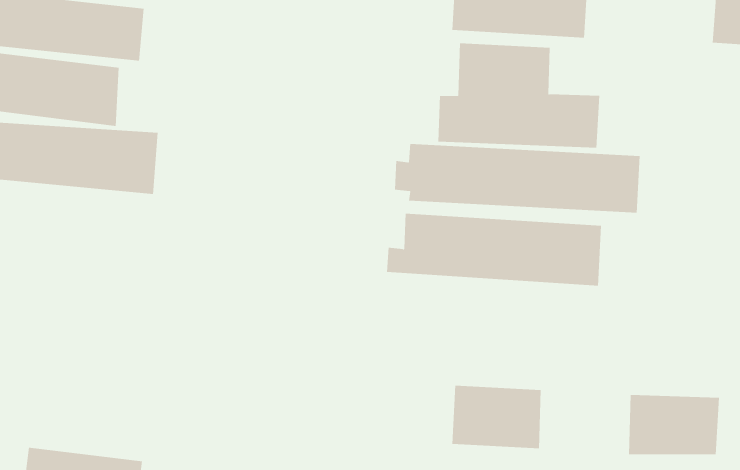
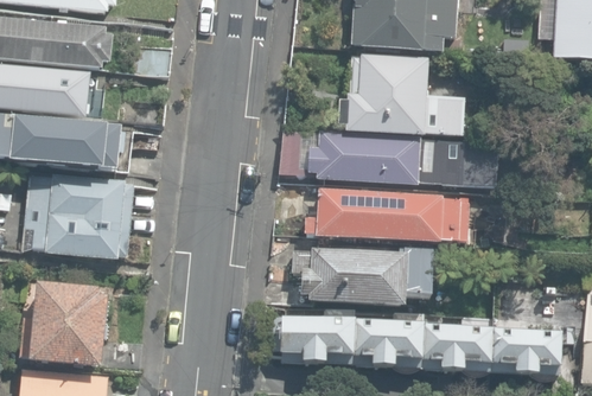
building: none -> [23,186,135,257]
building: none -> [288,242,427,311]
building: none -> [26,280,113,369]
building: none -> [268,313,352,363]
building: none -> [418,321,486,371]

